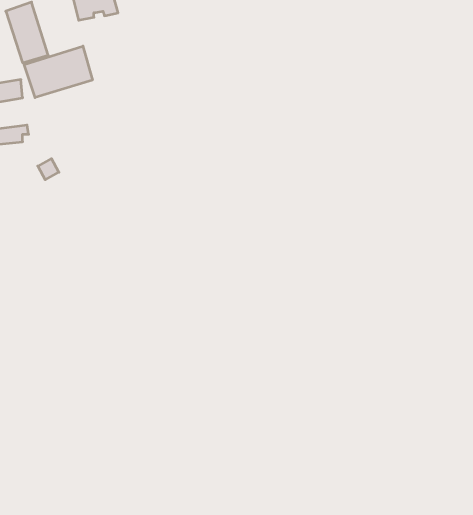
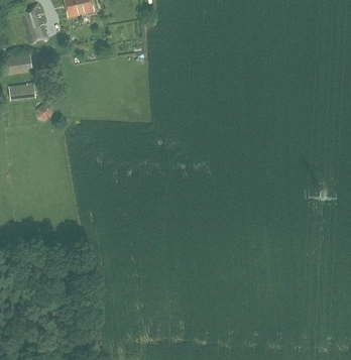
building: [24,46,92,98] -> none

